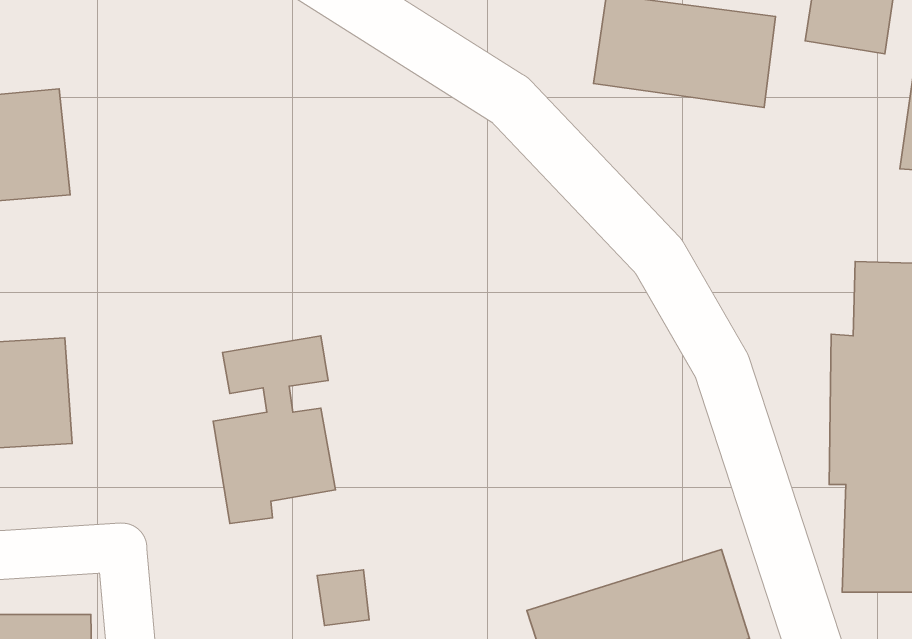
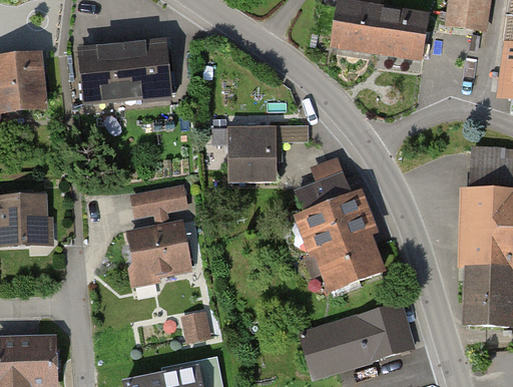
building: none -> [78,38,173,107]
building: none -> [227,123,308,184]
building: none -> [293,159,386,289]

